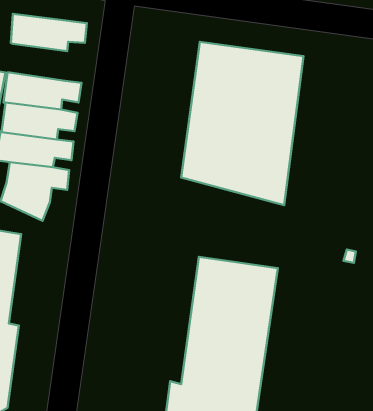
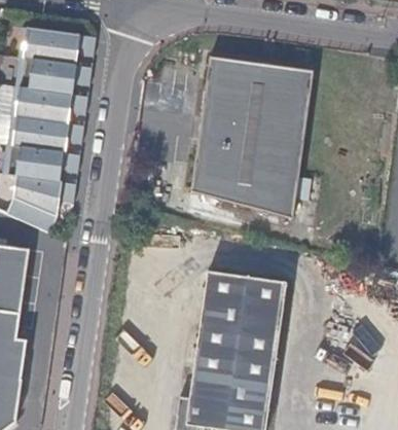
building: none -> [19,58,93,95]

